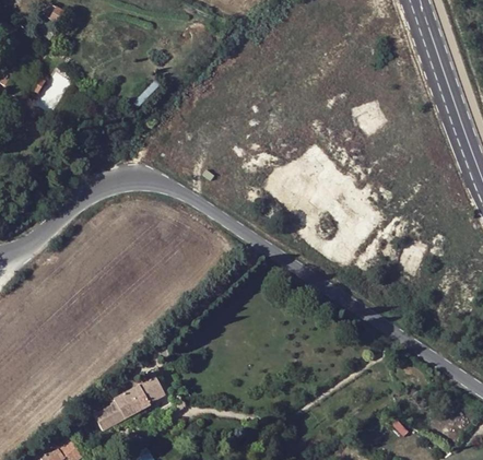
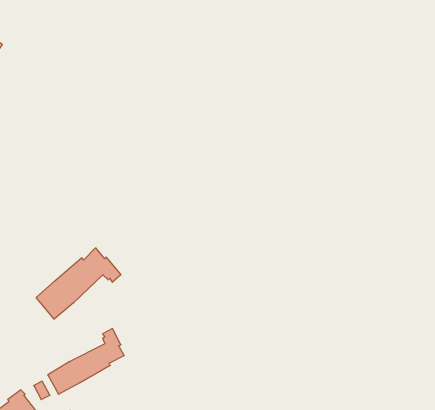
building: none -> [36,248,121,319]

